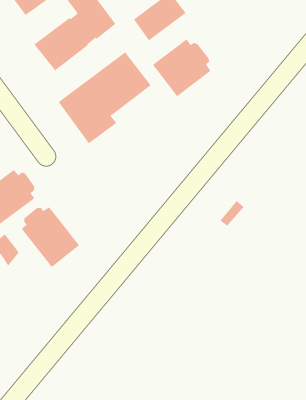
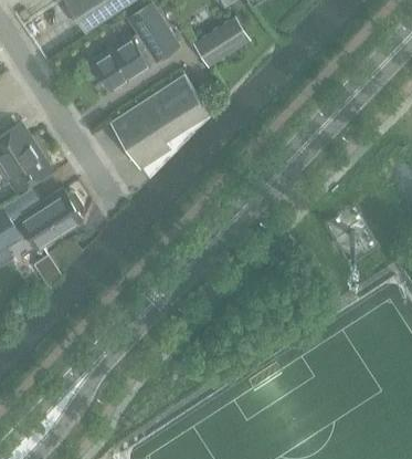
building: [152,38,211,97] -> none
building: [21,206,80,268] -> none

